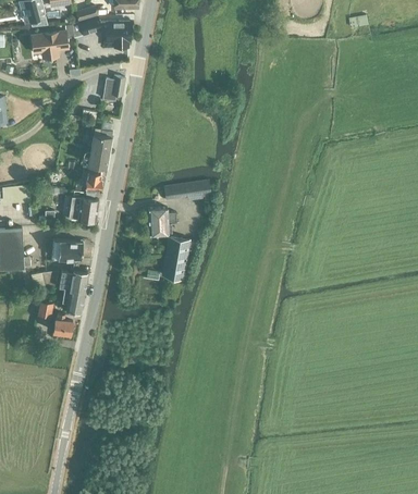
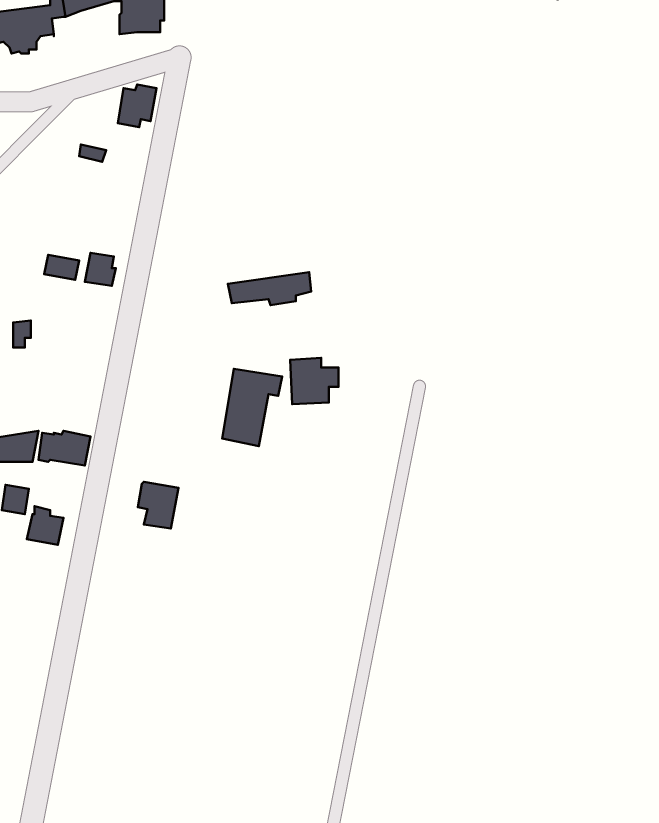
building: [87,127,111,165] -> none
building: [70,196,98,222] -> none
building: [148,207,175,233] -> [290,358,339,404]
building: [50,239,82,259] -> none
building: [61,286,84,312] -> [138,482,179,528]

